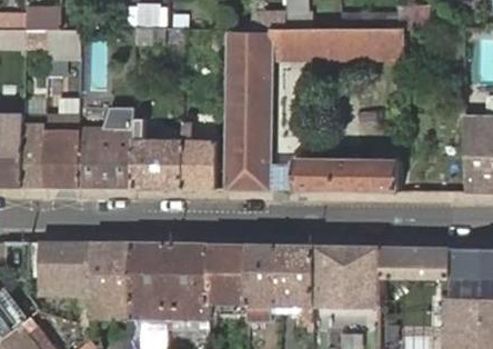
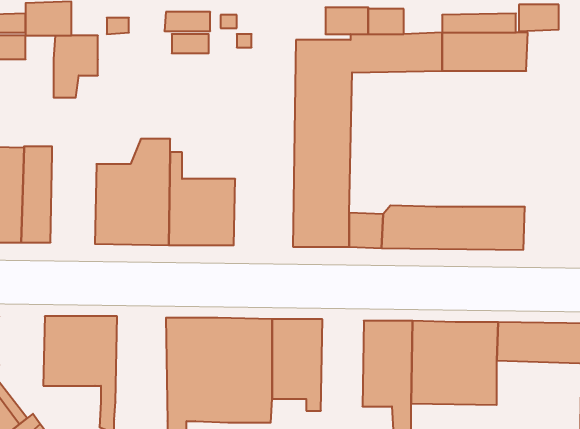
building: [44,114,79,188] -> none
building: [182,122,218,190] -> none
building: [92,242,132,321] -> none
building: [248,245,280,320] -> none

